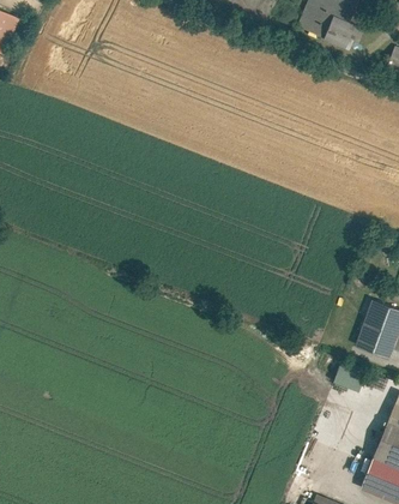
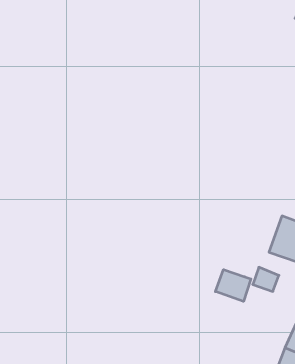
building: none -> [215,270,251,301]

